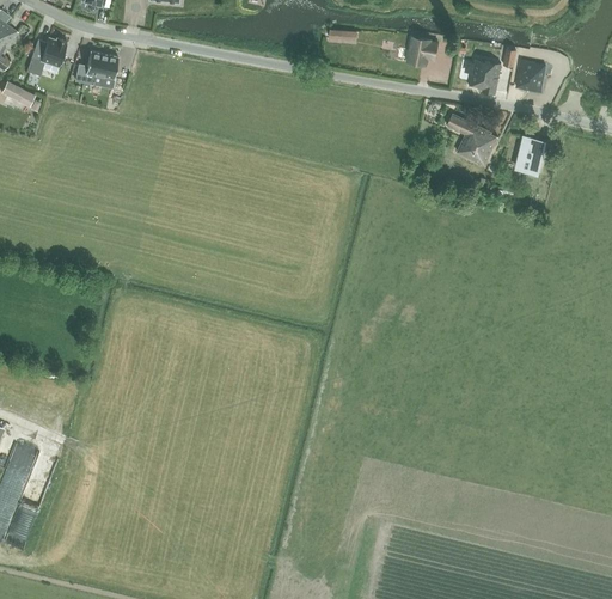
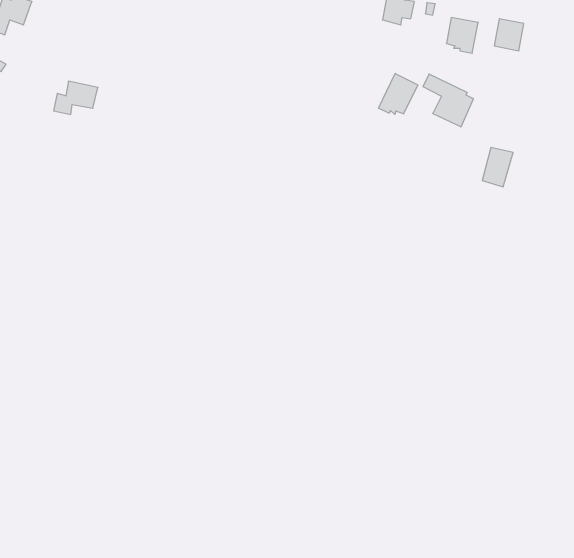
building: [75,50,118,82] -> [54,81,98,114]
building: none -> [378,73,418,114]
building: [516,135,546,173] -> [482,147,513,187]

